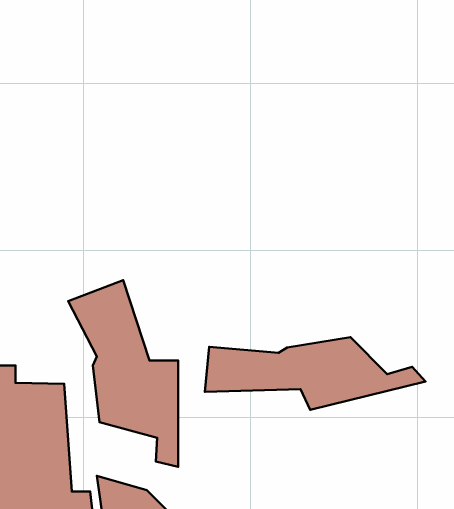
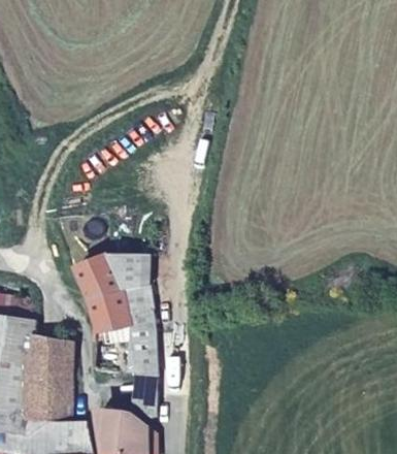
building: none -> [113,249,158,315]
building: [205,337,425,410] -> none

